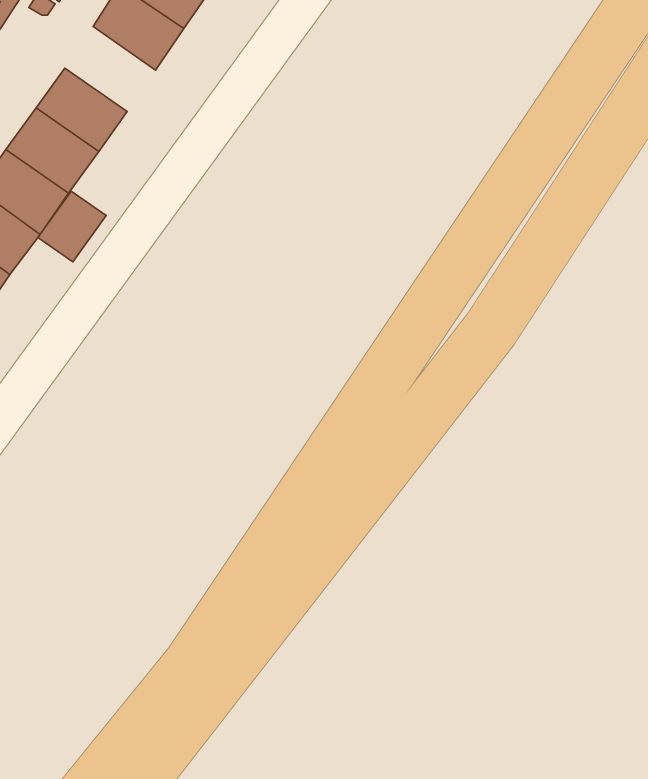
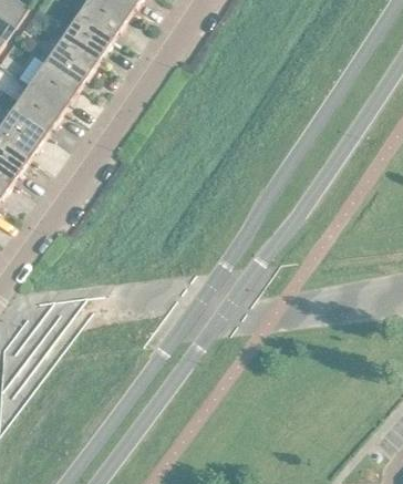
building: none -> [44,35,97,85]
building: [38,191,106,262] -> none

